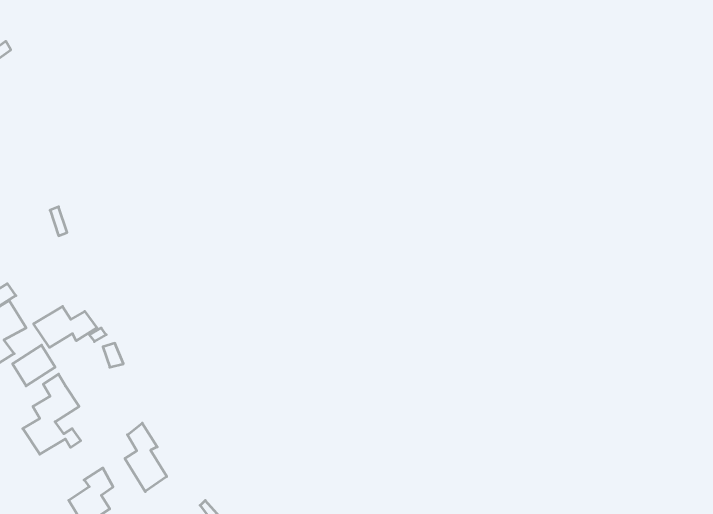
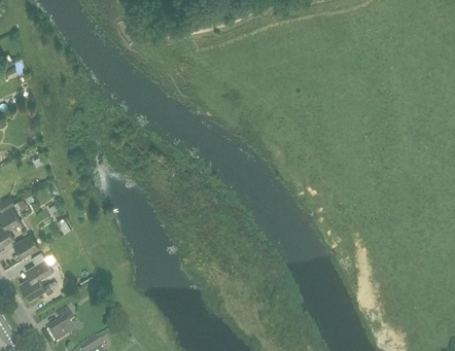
building: [34,306,97,347] -> none
building: [125,423,167,492] -> none

